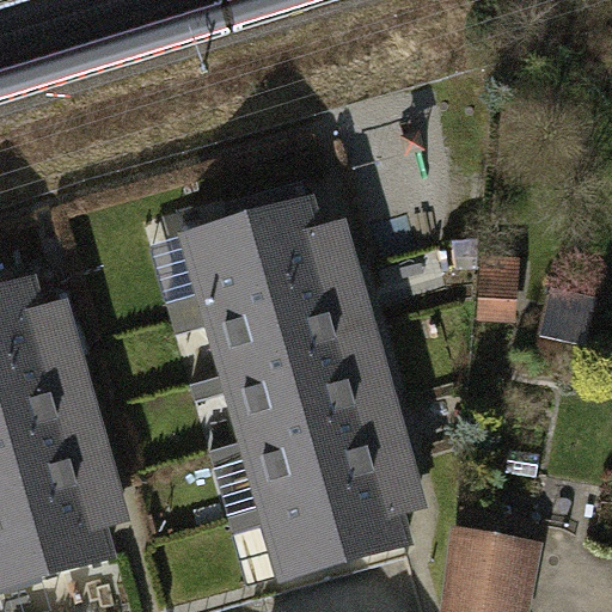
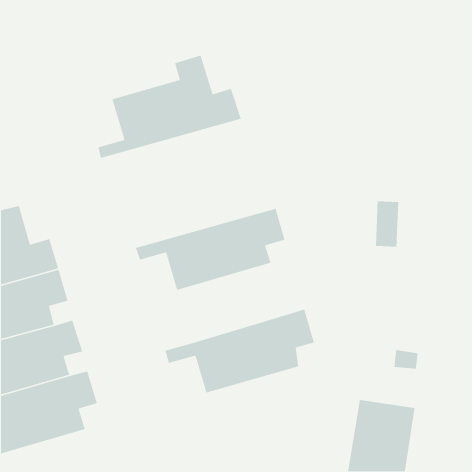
building: [171,185,357,320] -> [98,55,242,159]
building: [194,333,387,443] -> none
building: [231,469,423,577] -> none

